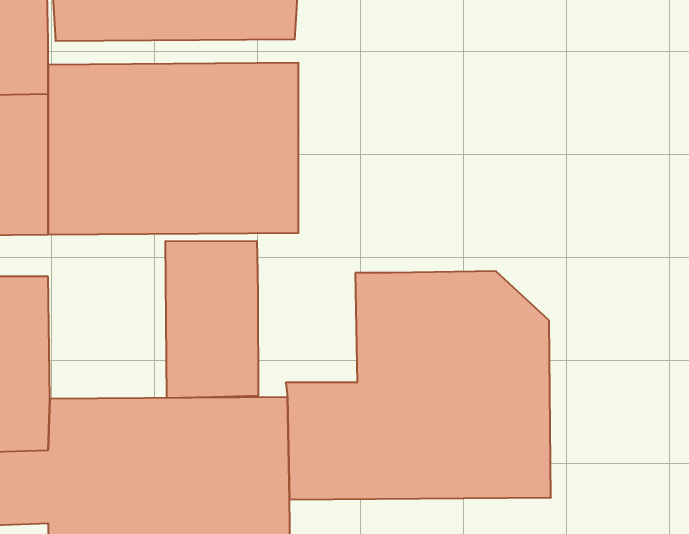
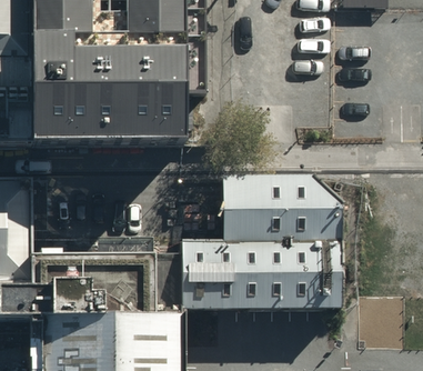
building: [166,241,258,398] -> none

